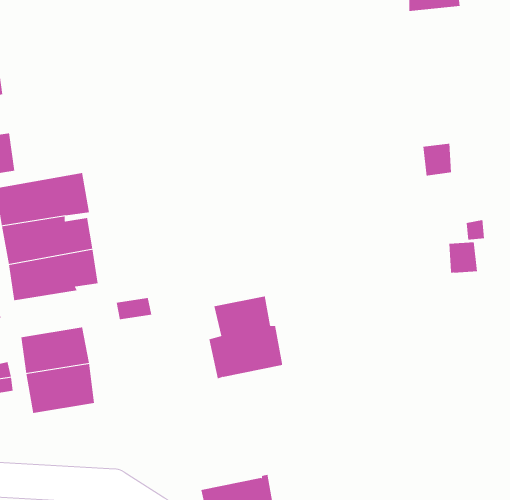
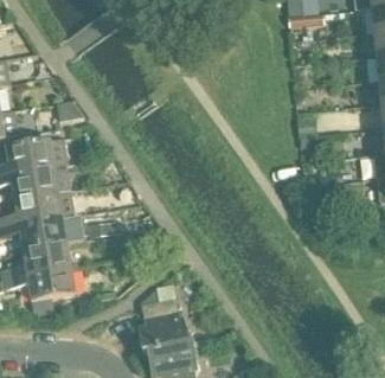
building: none -> [18,216,65,248]
building: [208,296,283,379] -> [136,296,187,353]

